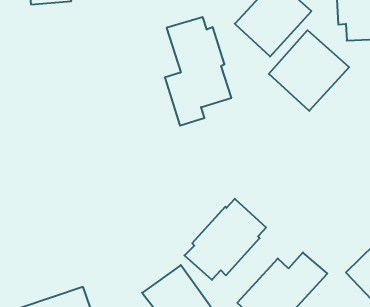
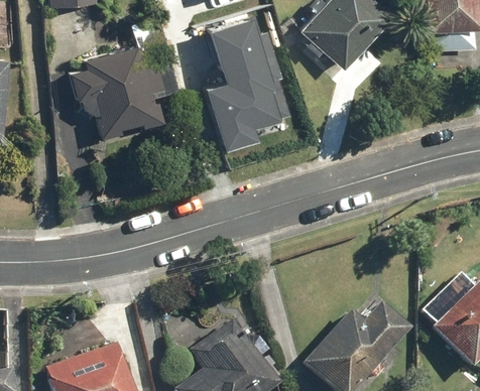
building: [269,30,349,111] -> none
building: none -> [68,45,161,137]
building: [184,199,266,280] -> none

